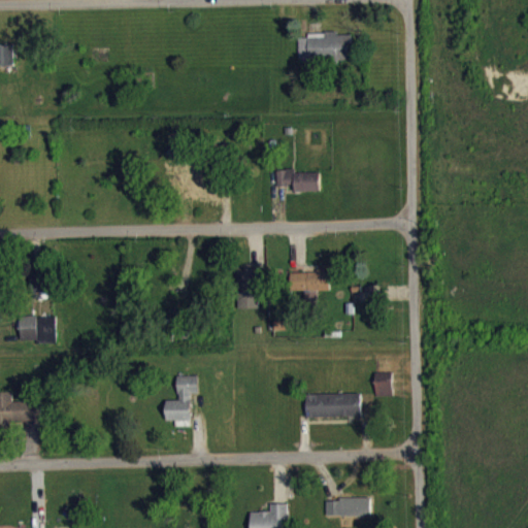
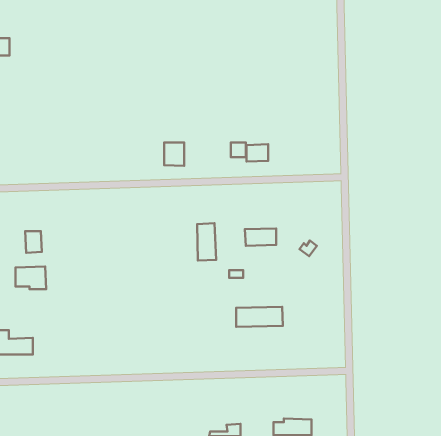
building: [297,34,353,62] -> none
building: [373,372,391,396] -> none
building: [165,375,197,420] -> none
building: [305,394,361,418] -> [236,307,283,327]

